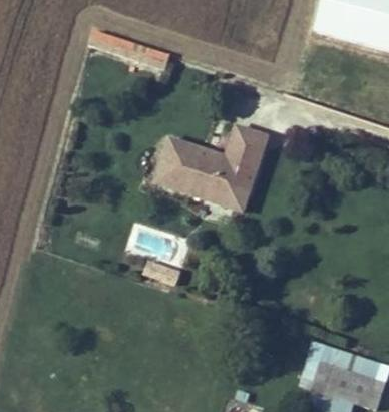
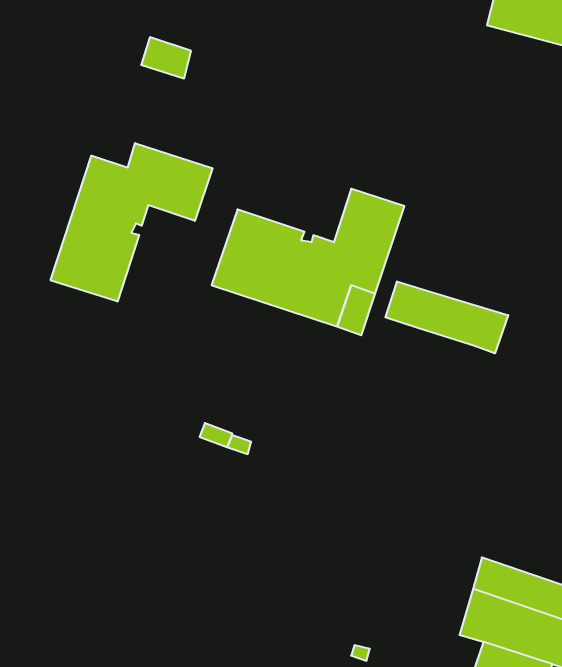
building: none -> [51,143,212,302]
building: none -> [385,281,508,353]

